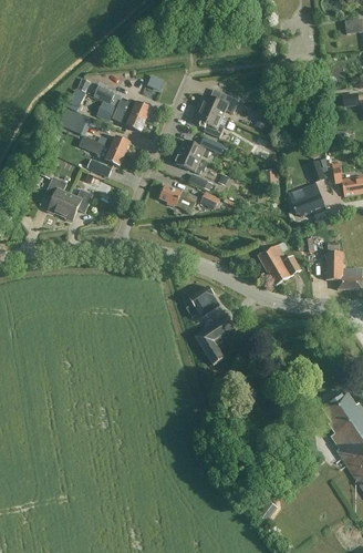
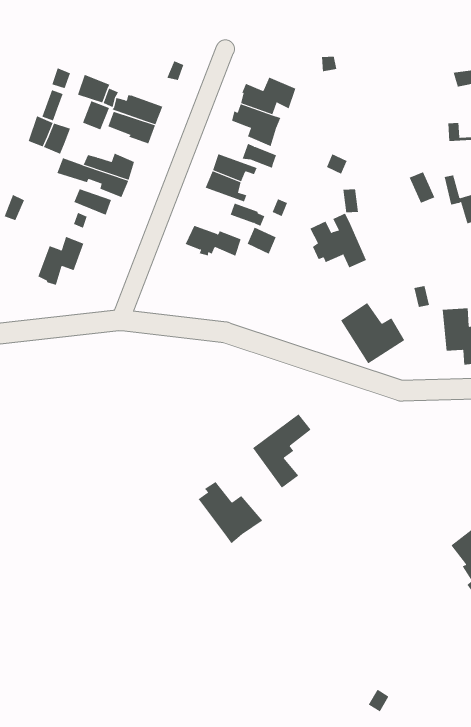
building: [44,176,69,214] -> none
building: [291,184,328,221] -> [310,213,367,268]
building: [184,285,219,317] -> none
building: none -> [198,481,263,544]

